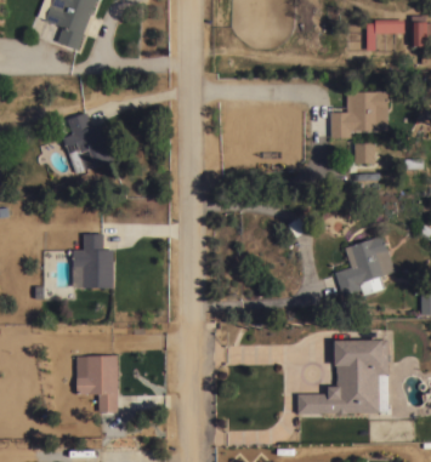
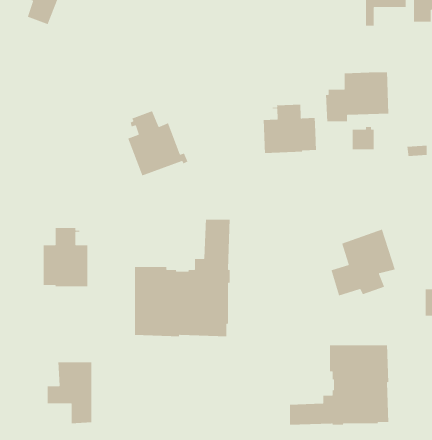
building: [63,113,119,173] -> [127,110,188,177]
building: none -> [263,104,317,154]
building: none -> [134,219,230,337]

